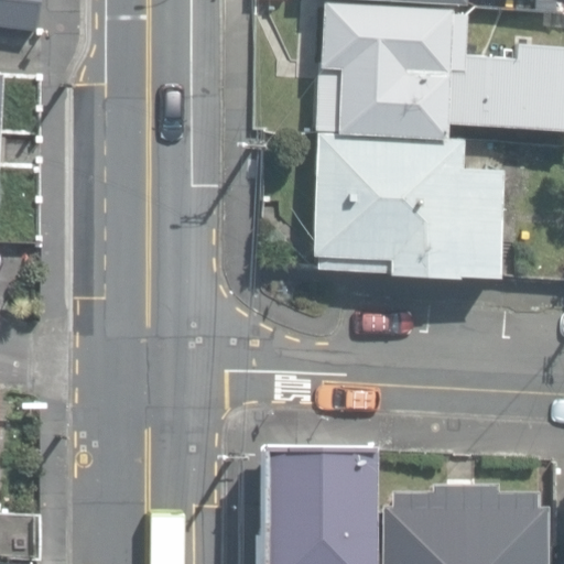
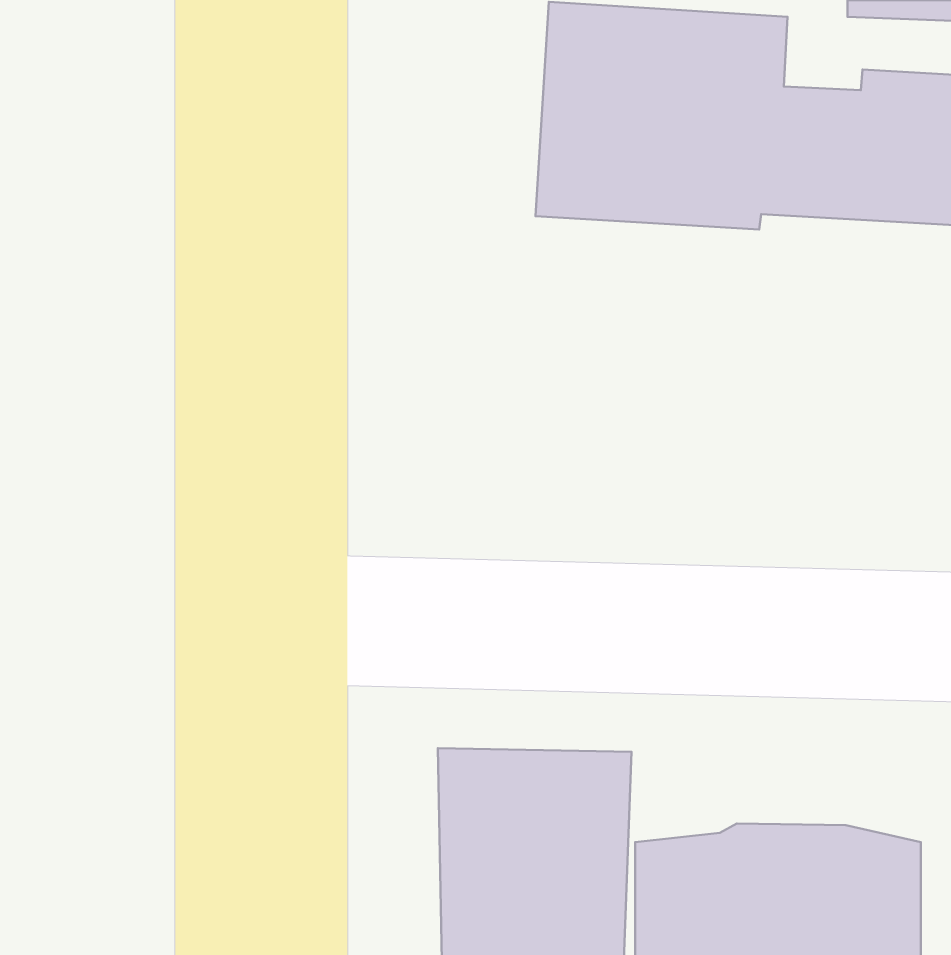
building: [313,143,501,279] -> none

